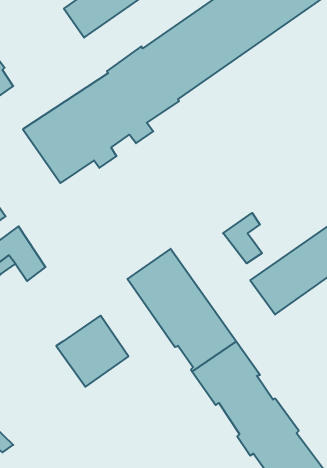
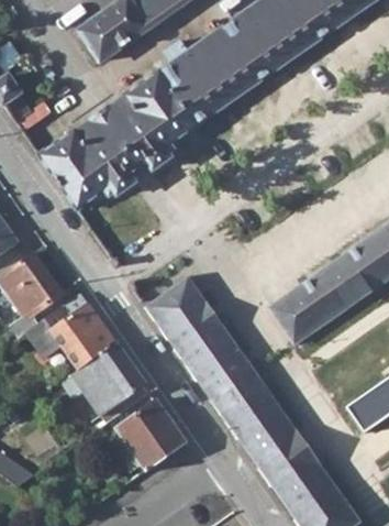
building: [223,213,262,263] -> none
building: none -> [29,294,118,371]
building: none -> [118,401,186,470]

